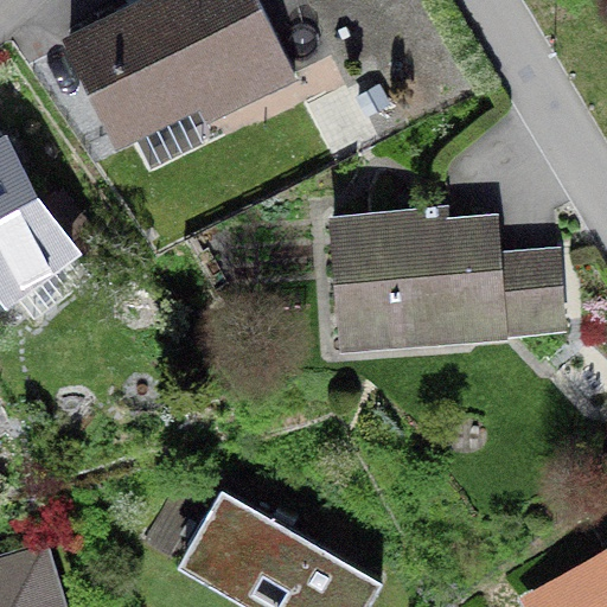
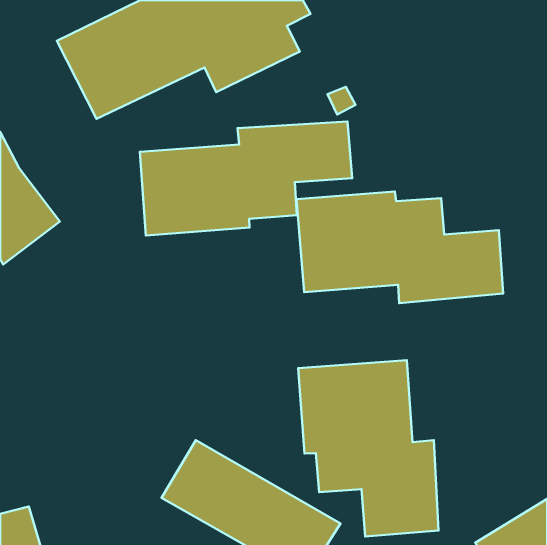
building: none -> [140,121,352,235]
building: none -> [298,360,439,537]

